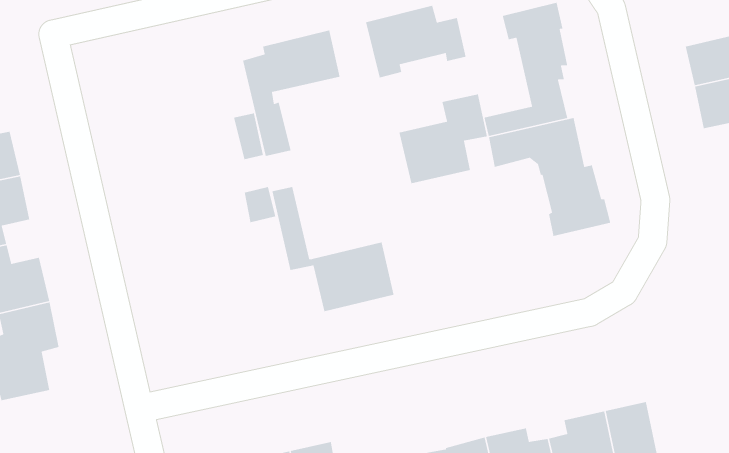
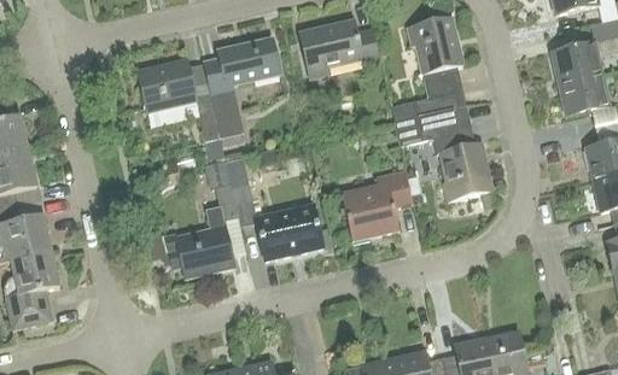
building: none -> [138,58,197,111]
building: [399,94,488,184] -> [343,169,413,240]
building: none -> [163,187,237,279]

